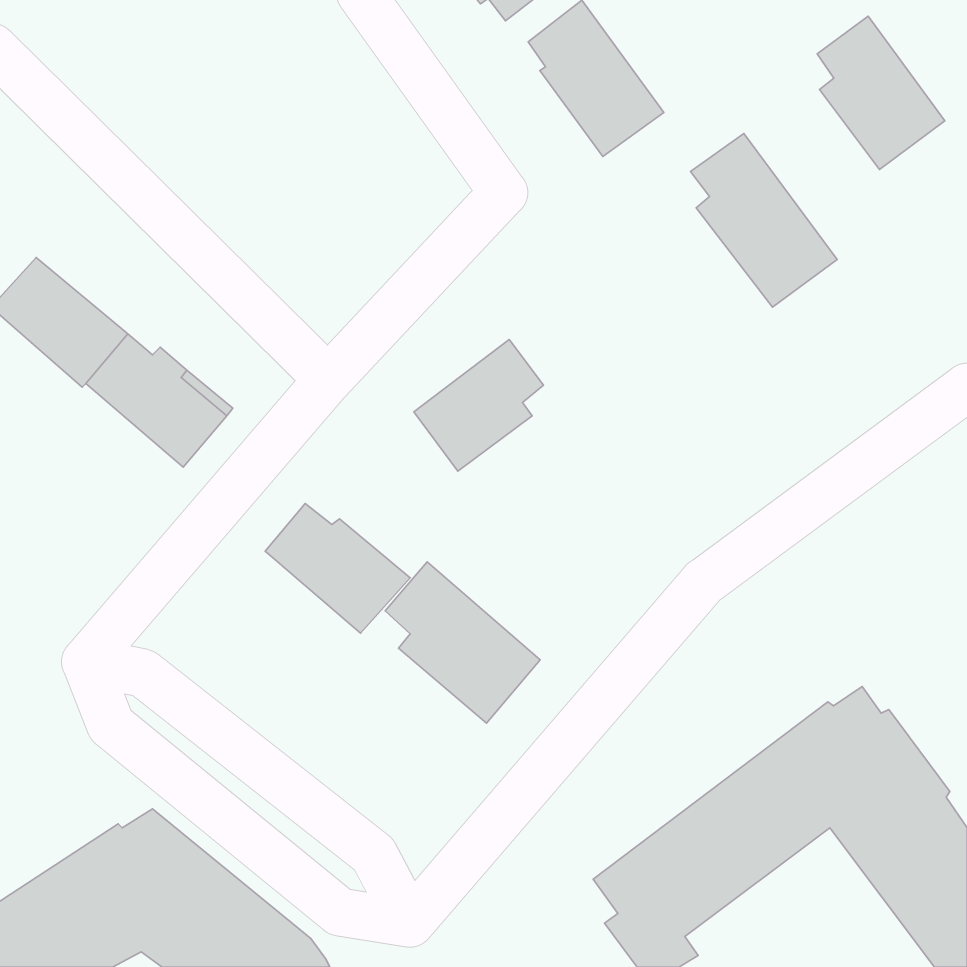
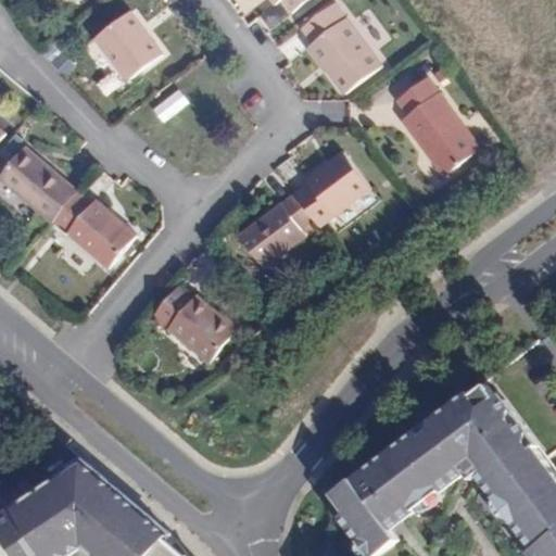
building: [817,16,945,170] -> none
building: none -> [93,14,159,80]
building: none -> [290,151,367,226]
building: [385,562,540,723] -> none

